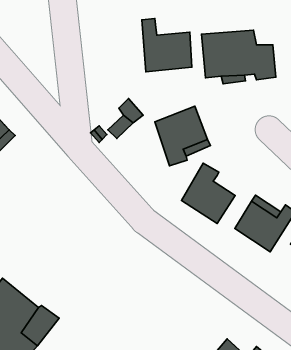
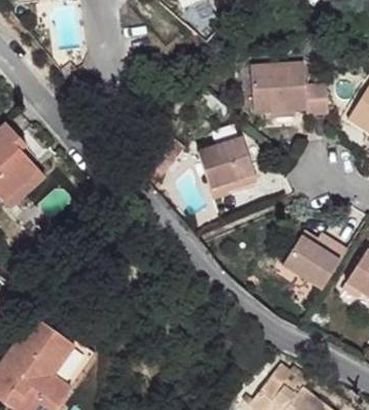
building: [142,18,192,72] -> none
building: [182,163,235,223] -> none

